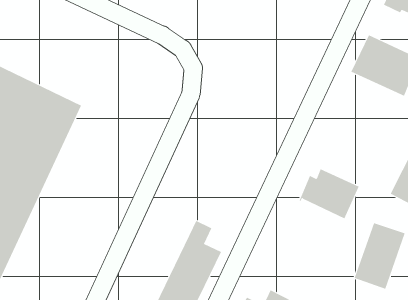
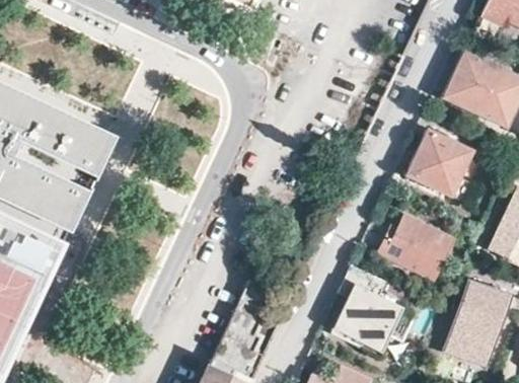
building: none -> [404,130,473,198]
building: none -> [332,279,404,357]

